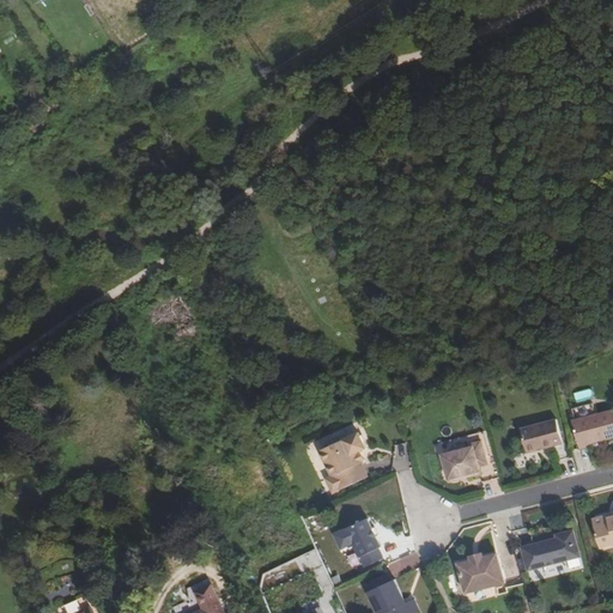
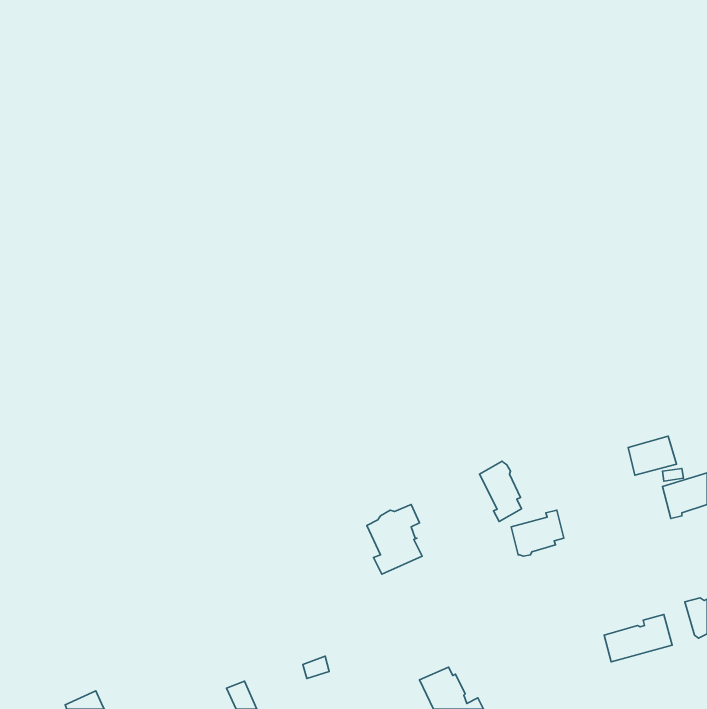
building: none -> [480,461,522,522]
building: [520,418,562,451] -> [628,436,677,475]
building: [344,520,381,569] -> none
building: [457,553,504,593] -> none

